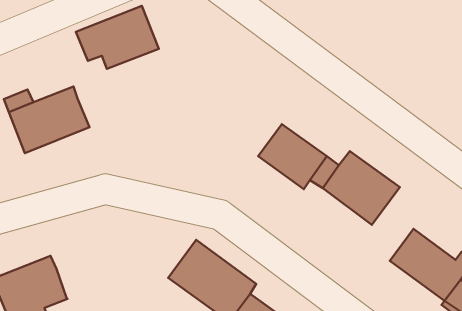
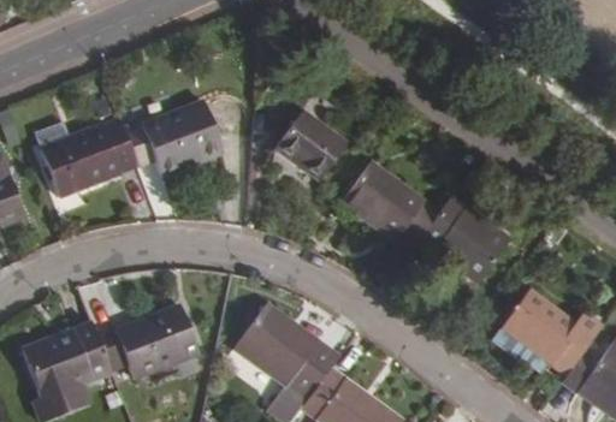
building: [76,6,159,69] -> [123,100,223,176]
building: none -> [276,111,346,180]
building: none -> [97,303,200,380]

